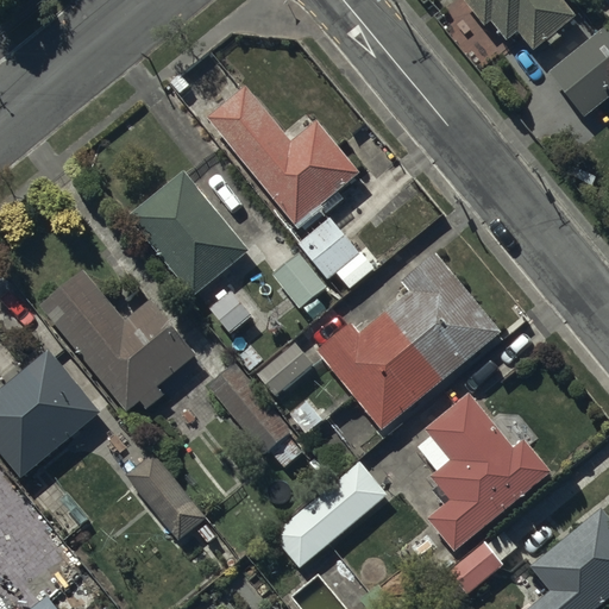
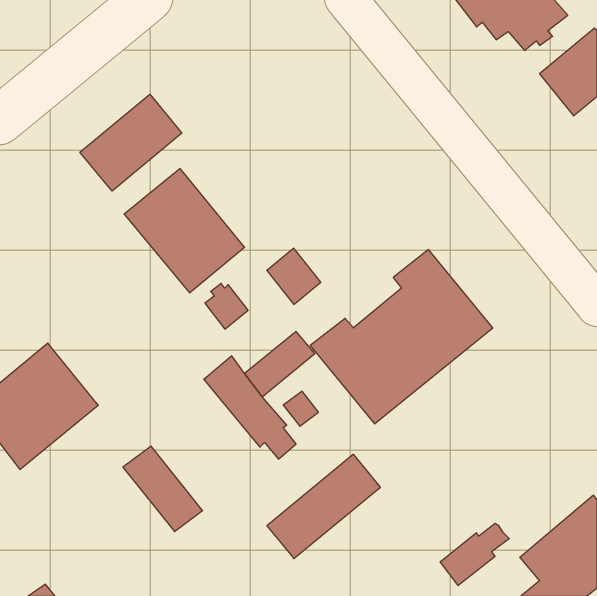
building: [207,86,359,230] -> none
building: none -> [80,94,182,191]
building: [299,218,372,289] -> none
building: [39,269,195,412] -> none
building: [417,394,551,552] -> none

